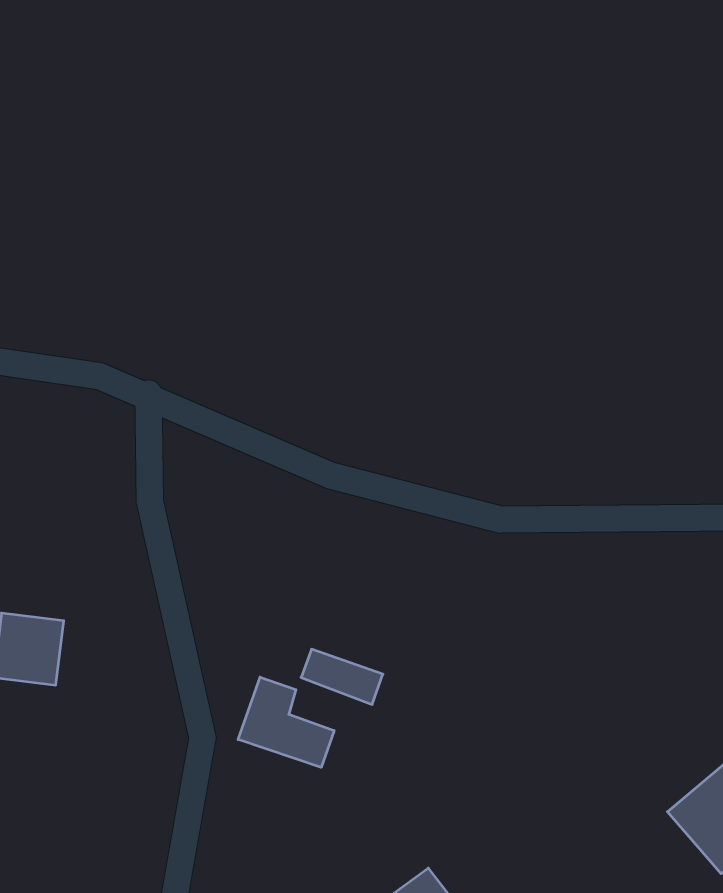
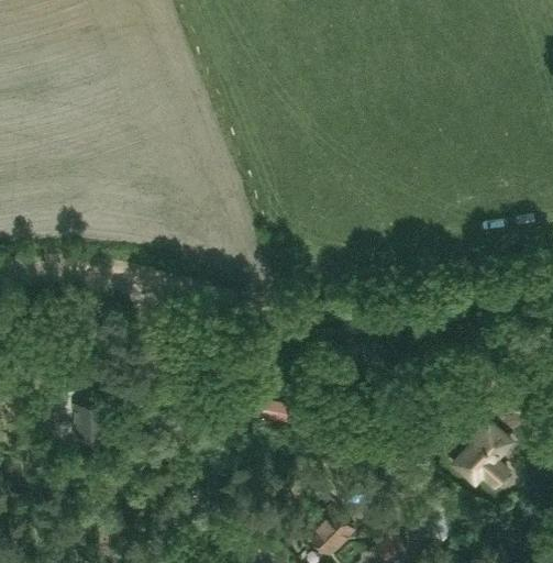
building: [238,677,334,767] -> none

